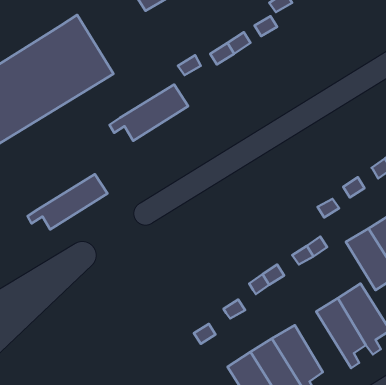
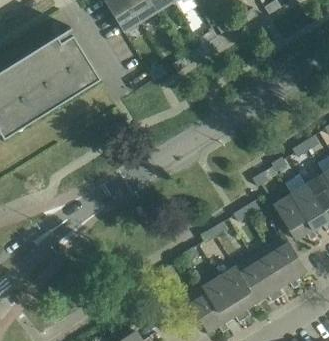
building: [109,85,188,141] -> none
building: [28,174,108,229] -> none
building: none -> [235,255,277,301]

